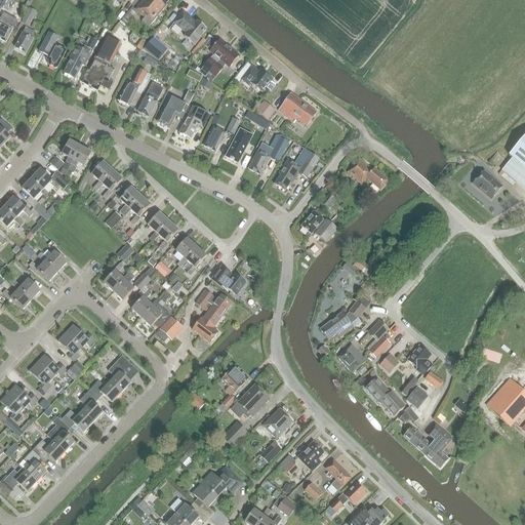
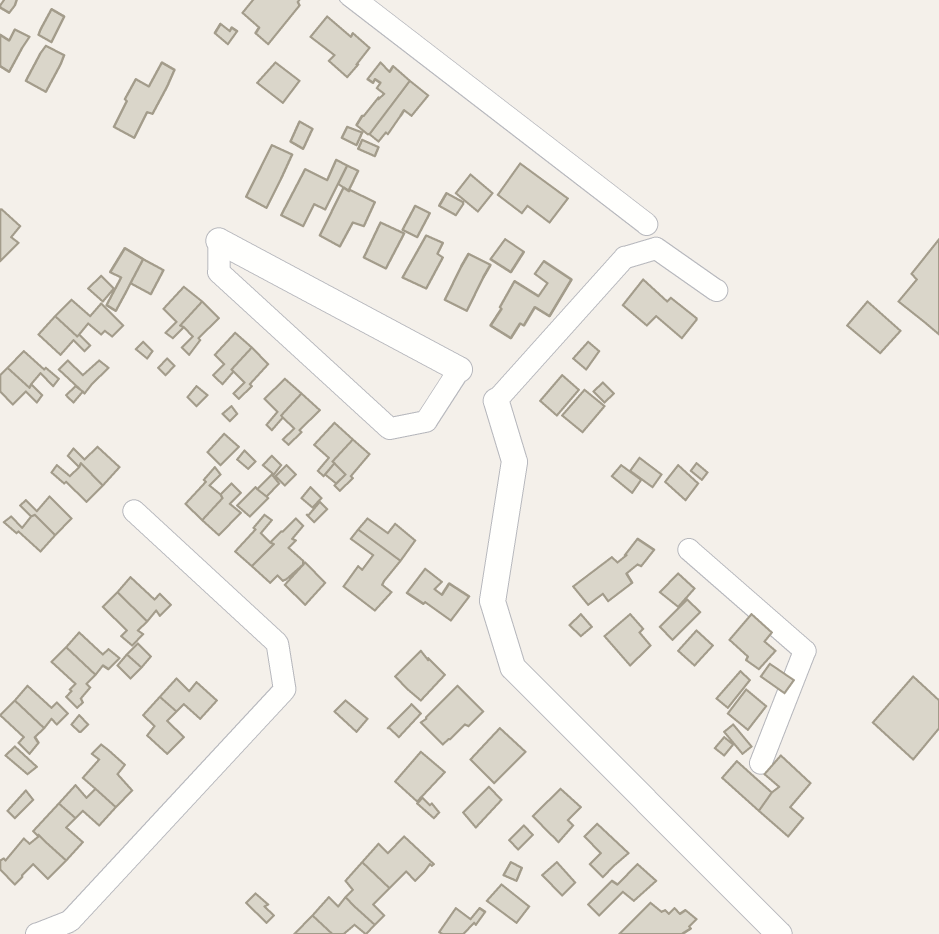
building: [39,31,66,66] -> none
building: [82,34,121,88] -> none
building: [241,64,272,90] -> none
building: [117,67,147,105] -> none
building: [211,265,246,293] -> [407,569,469,620]
building: [108,354,131,391] -> none
building: [365,375,404,414] -> none
building: [60,408,93,431] -> none

